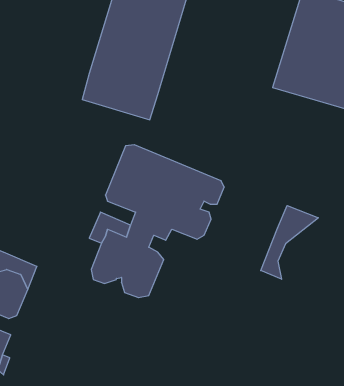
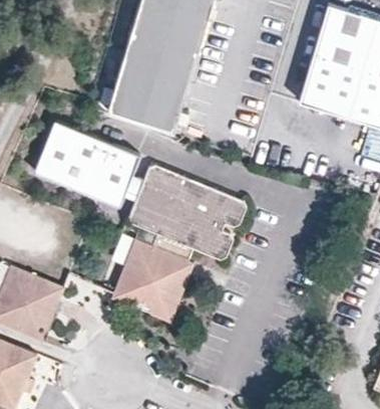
building: none -> [32,123,139,209]
building: [261,206,318,279] -> none

